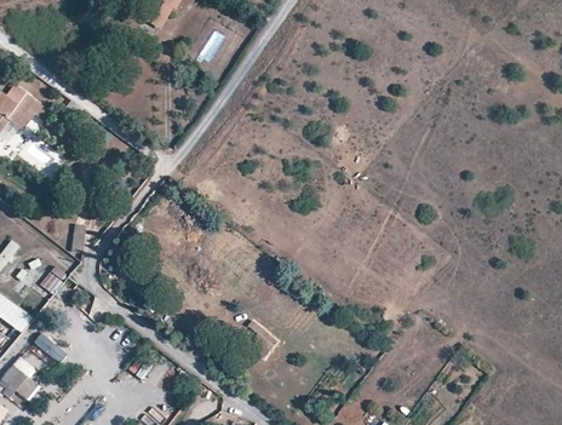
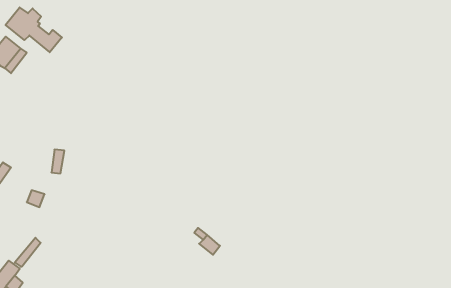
building: none -> [6,7,62,52]

